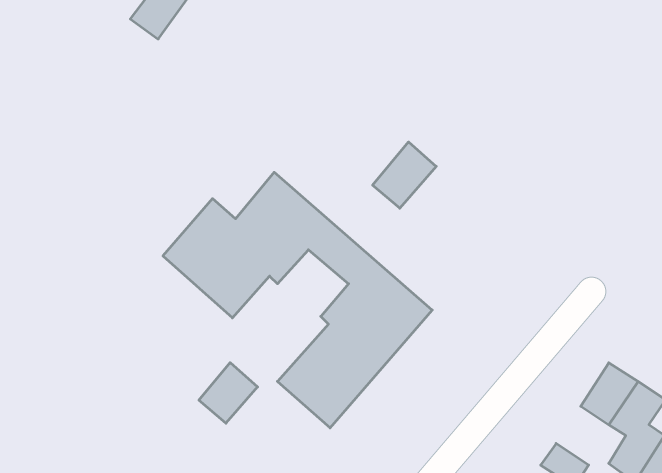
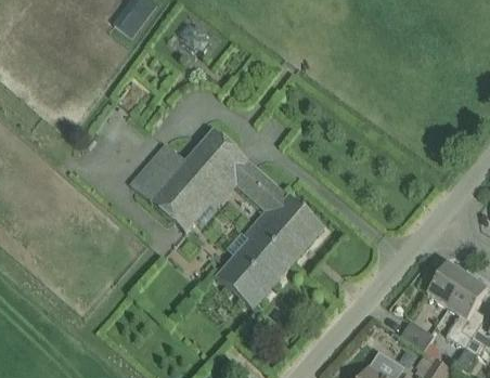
building: [373,142,436,208] -> none
building: [199,363,258,423] -> none

